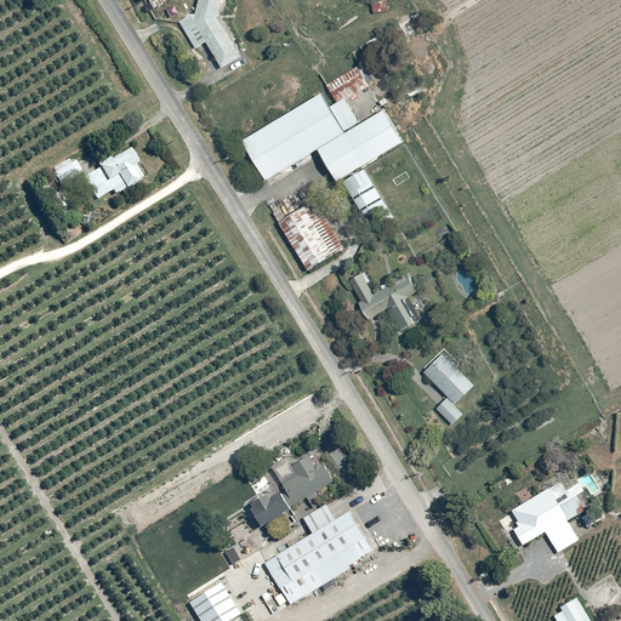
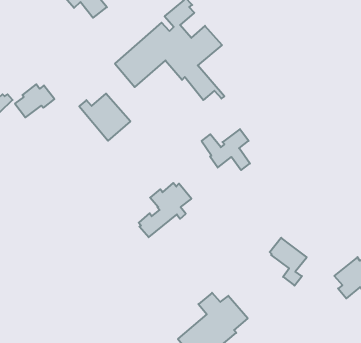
building: [272,199,343,269] -> [79,94,130,141]
building: [422,349,475,423] -> [270,238,307,286]
building: [249,454,332,528] -> [139,183,191,237]

